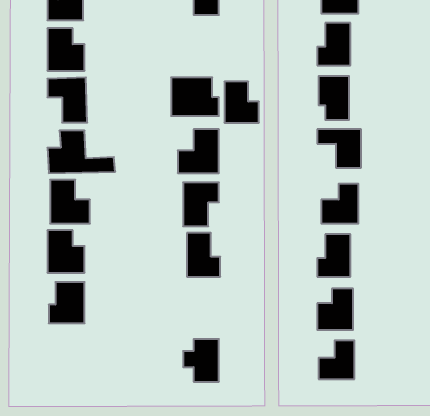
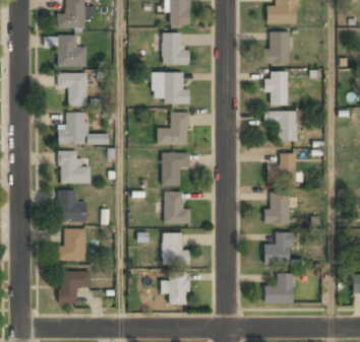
building: [224,82,259,123] -> [163,32,189,64]
building: none -> [163,232,190,265]
building: none -> [60,271,91,302]

